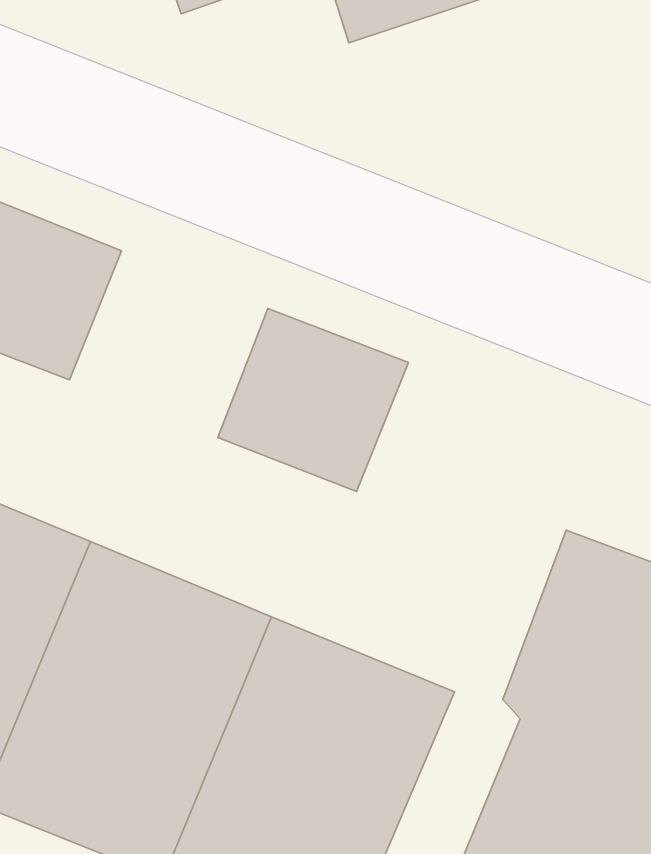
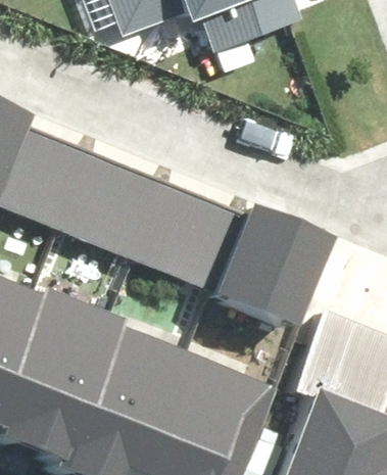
building: none -> [62,153,167,252]
building: none -> [208,204,328,328]

